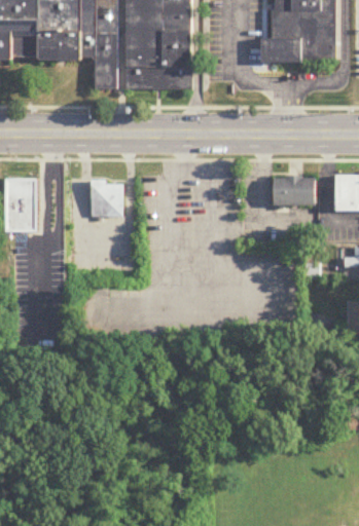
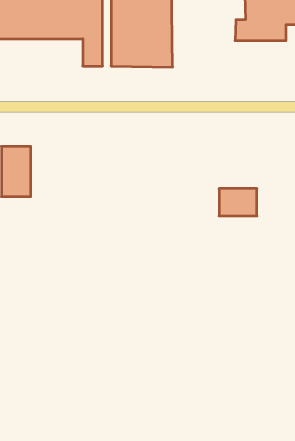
building: [274,176,315,205] -> [219,189,257,216]
building: [91,181,122,216] -> none

